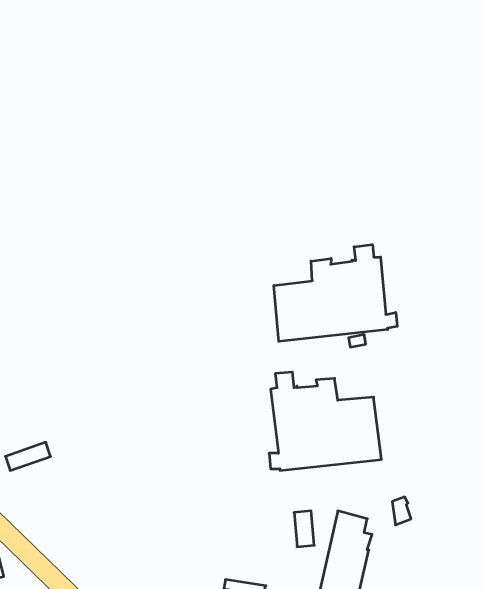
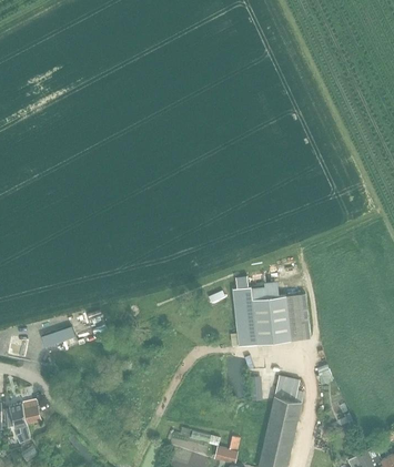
building: [274,245,397,341] -> none

